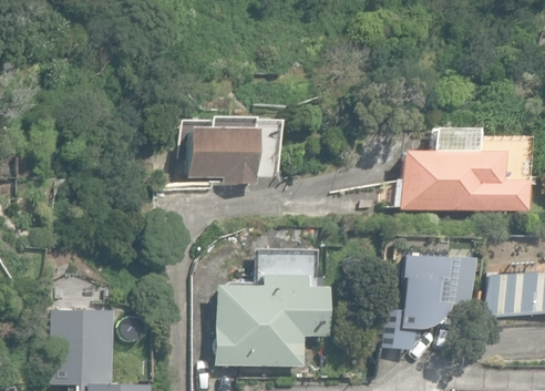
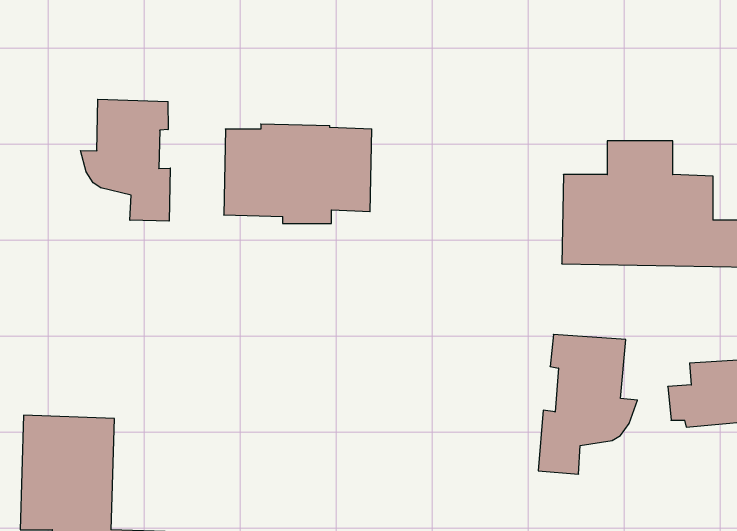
building: none -> [81,99,170,221]
building: [215,272,331,363] -> none

